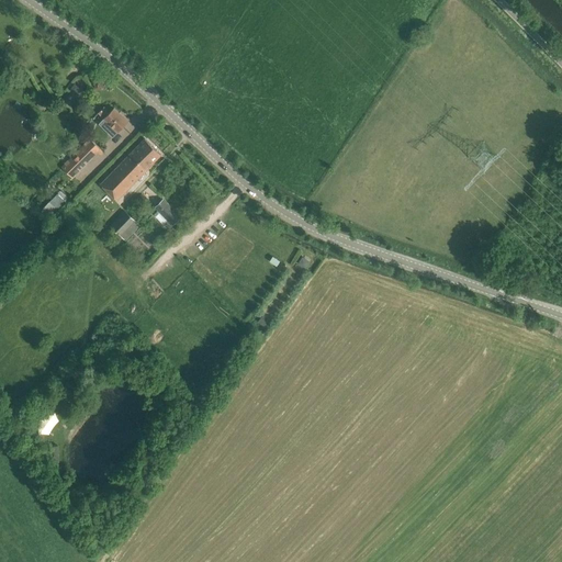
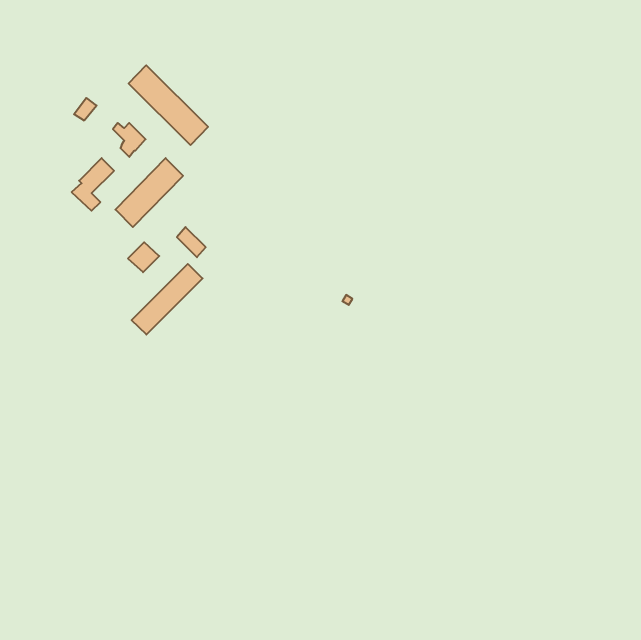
building: none -> [129,65,208,145]
building: none -> [132,264,203,335]

